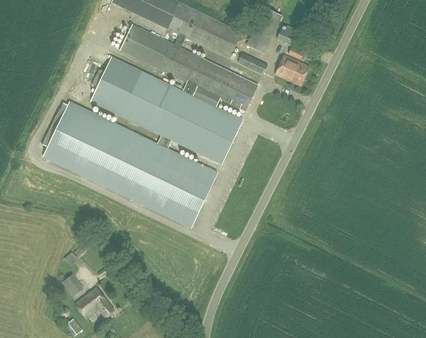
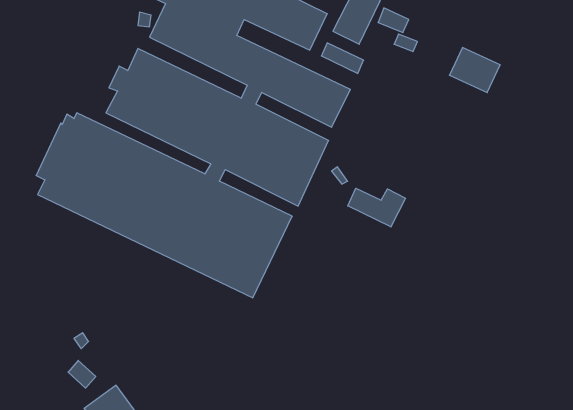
building: [275,55,310,86] -> [449,48,500,93]
building: none -> [348,188,405,227]

